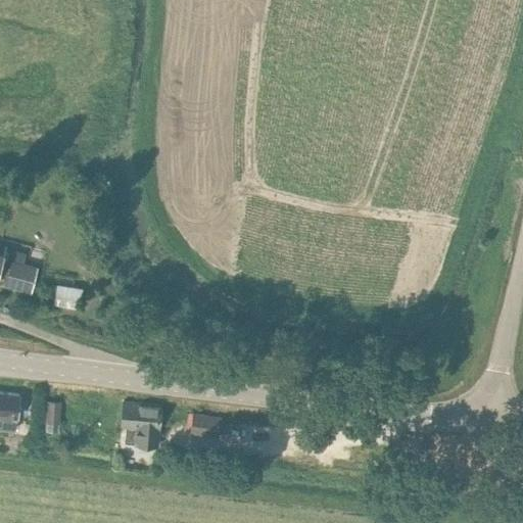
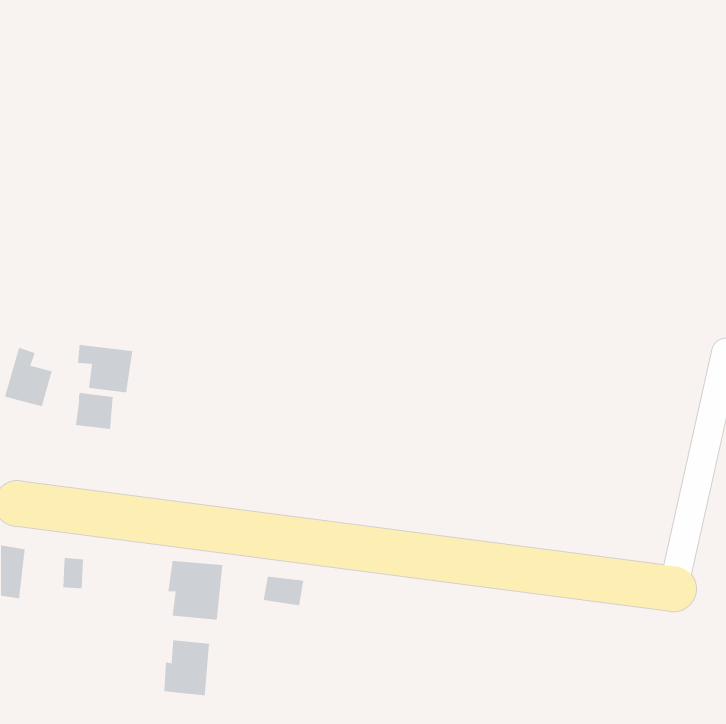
building: none -> [78,344,133,393]
building: none -> [164,640,210,696]

